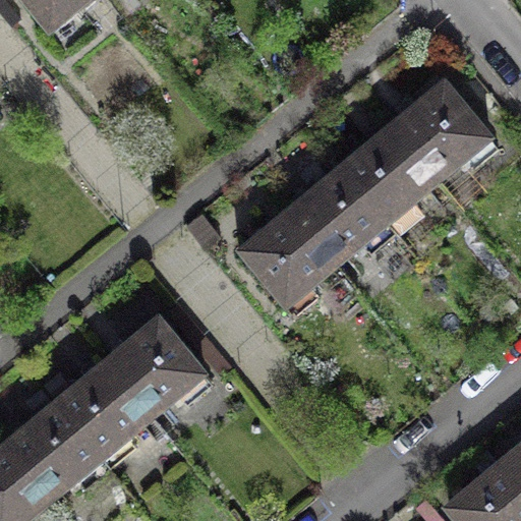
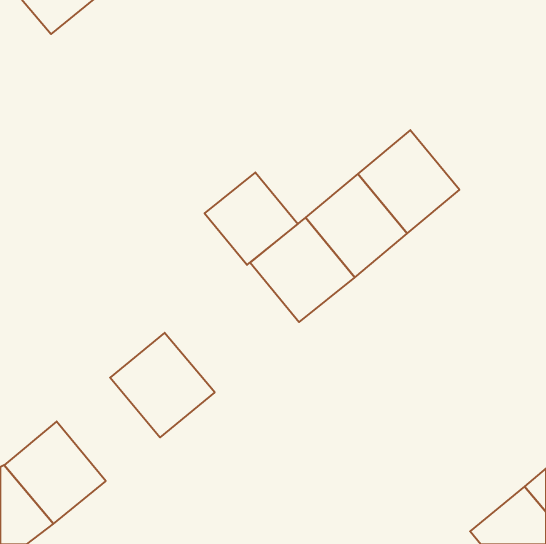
building: [391,81,490,181] -> none
building: none -> [205,172,298,265]
building: [54,360,153,459] -> none

